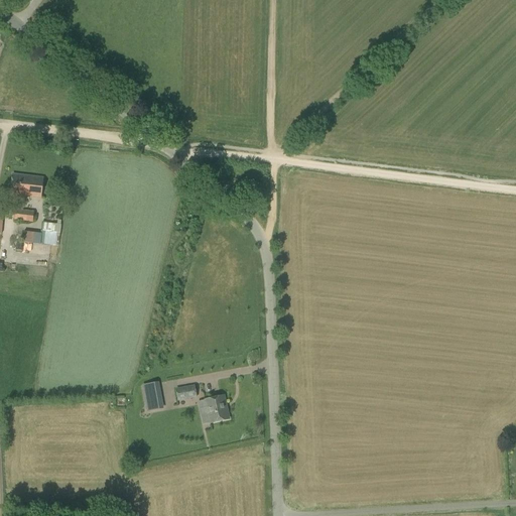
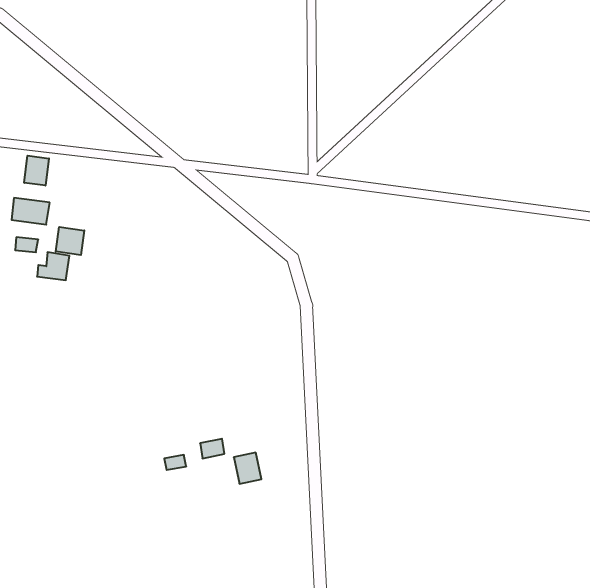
building: none -> [24,156,49,186]
building: none -> [56,227,84,255]

